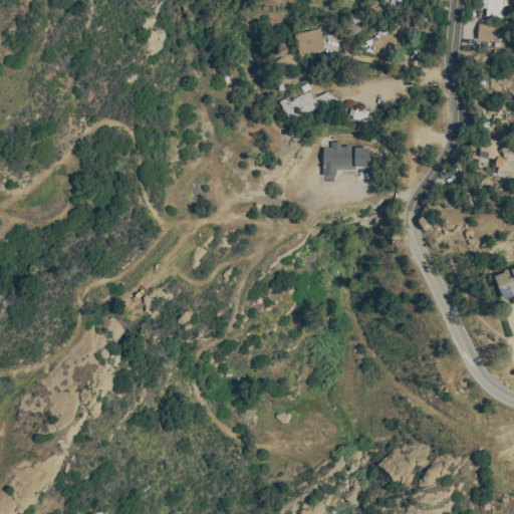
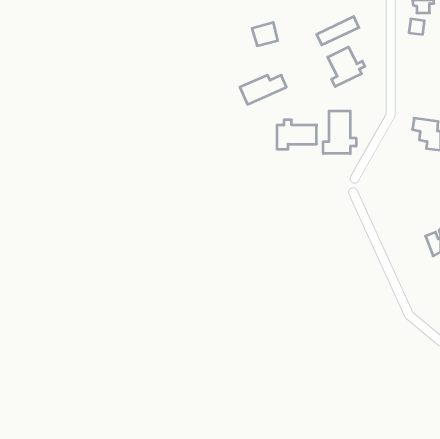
building: none -> [328,47,365,87]
building: none -> [323,111,356,154]

